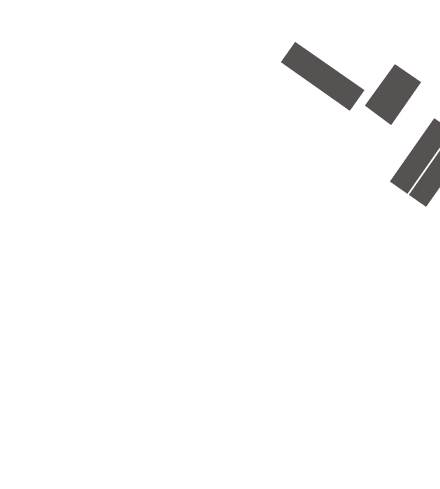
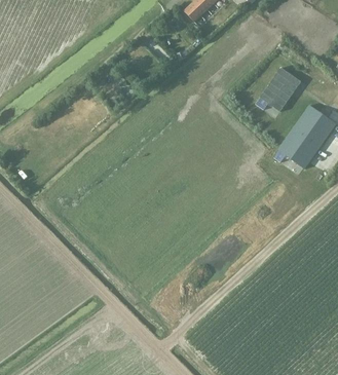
building: [280,41,365,112] -> none

